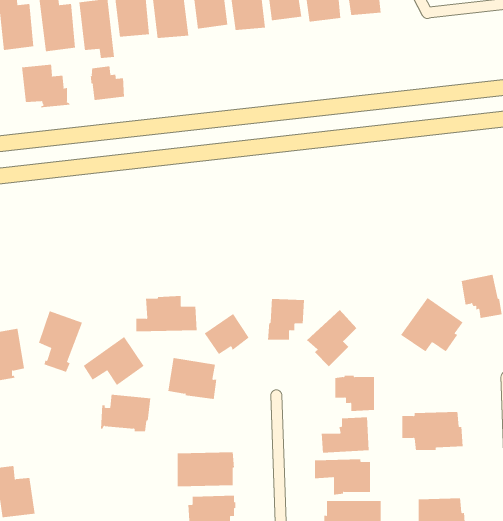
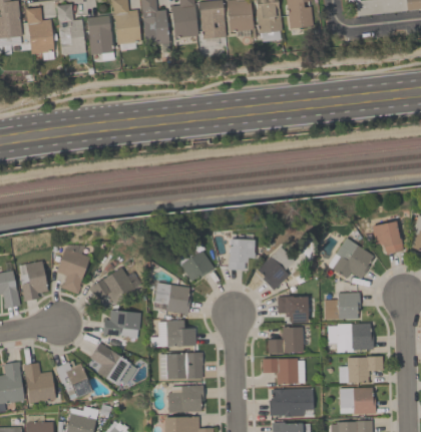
building: [22,64,70,108] -> none
building: [90,66,125,101] -> none
building: [136,295,198,332] -> [150,320,196,347]
building: none -> [325,292,360,320]
building: none -> [90,343,136,385]
building: none -> [339,356,383,383]
building: none -> [55,360,92,399]

